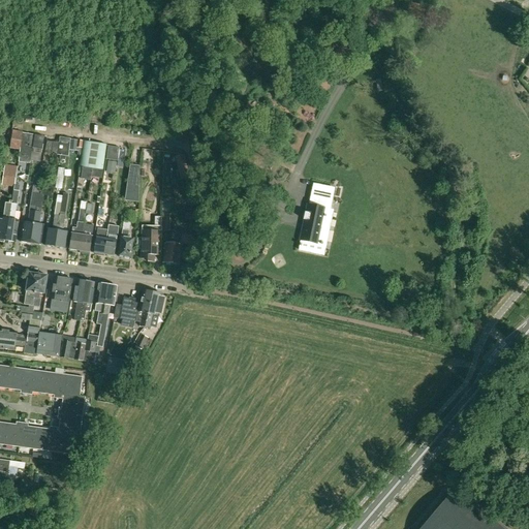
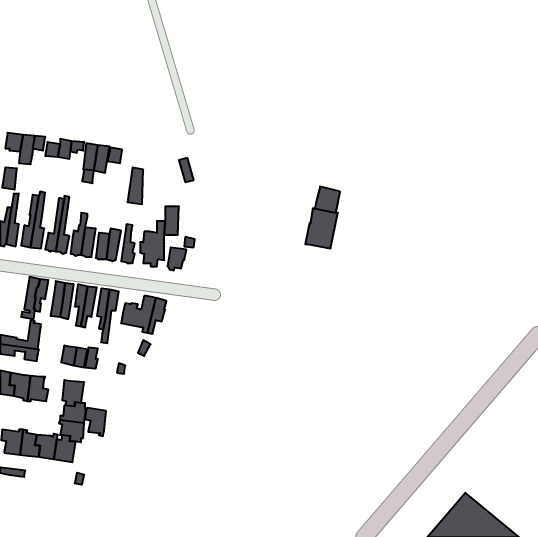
building: [36,332,62,356] -> none
building: [42,370,63,398] -> [85,408,106,436]

